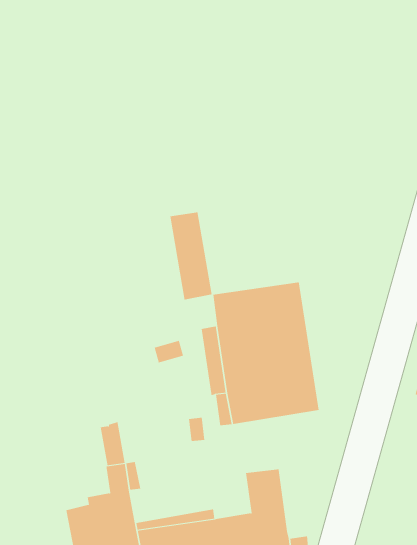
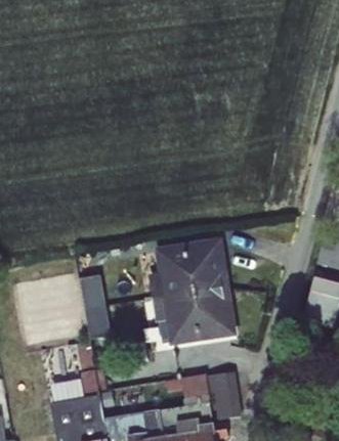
building: [170,212,212,300] -> [81,274,112,338]
building: none -> [207,371,240,418]

